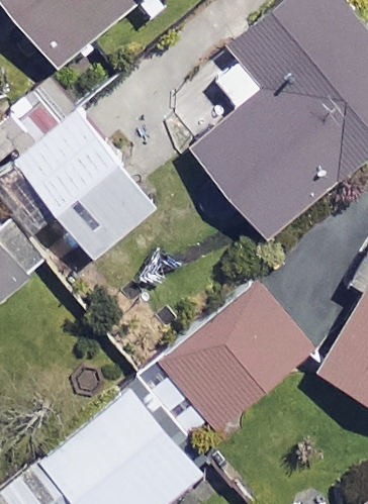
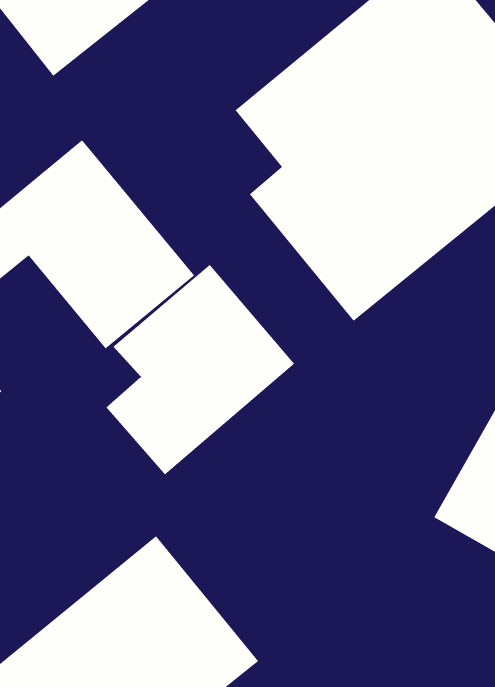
building: [179,279,311,426] -> [105,264,295,476]

